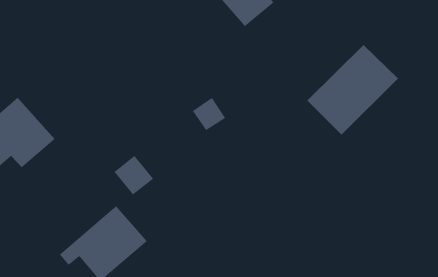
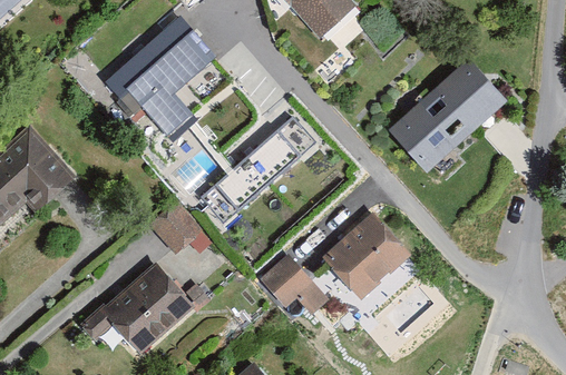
building: none -> [103,14,214,141]
building: none -> [321,213,408,298]
building: none -> [257,254,325,314]

